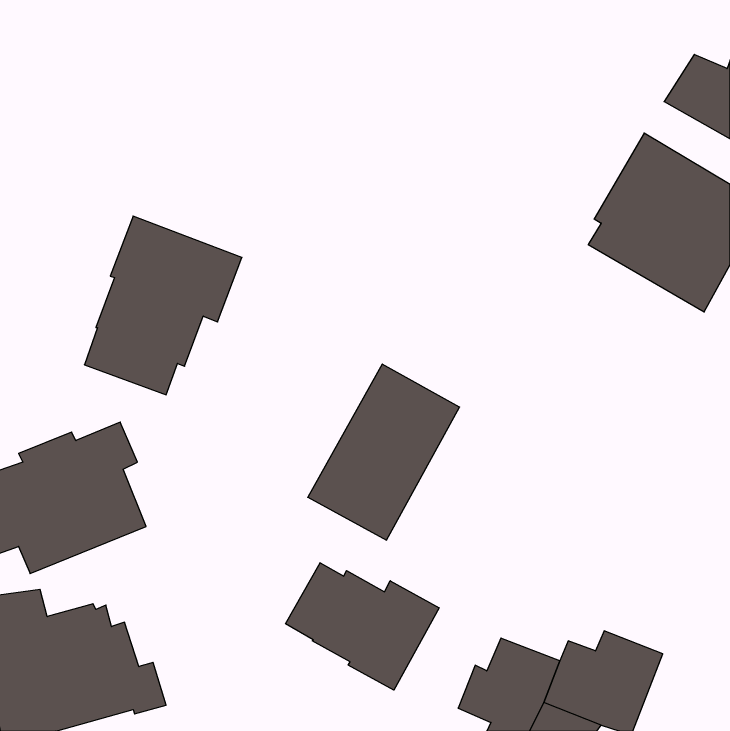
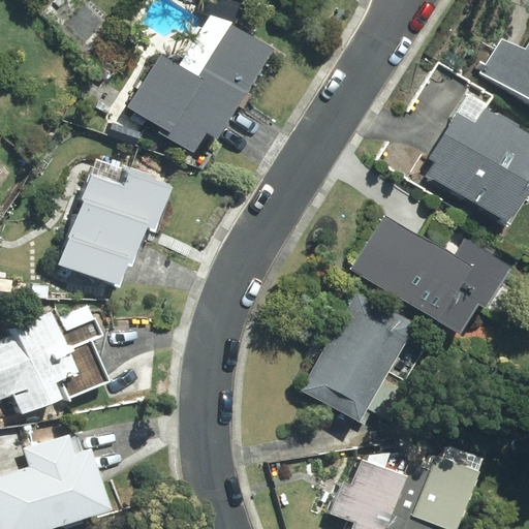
building: none -> [127,14,273,152]
building: none -> [351,215,511,333]
building: [308,364,460,540] -> [303,293,412,421]
building: [286,563,439,690] -> none

